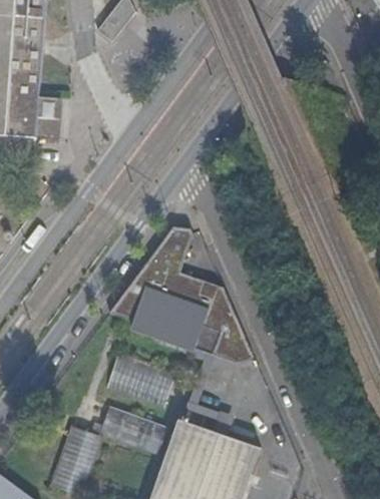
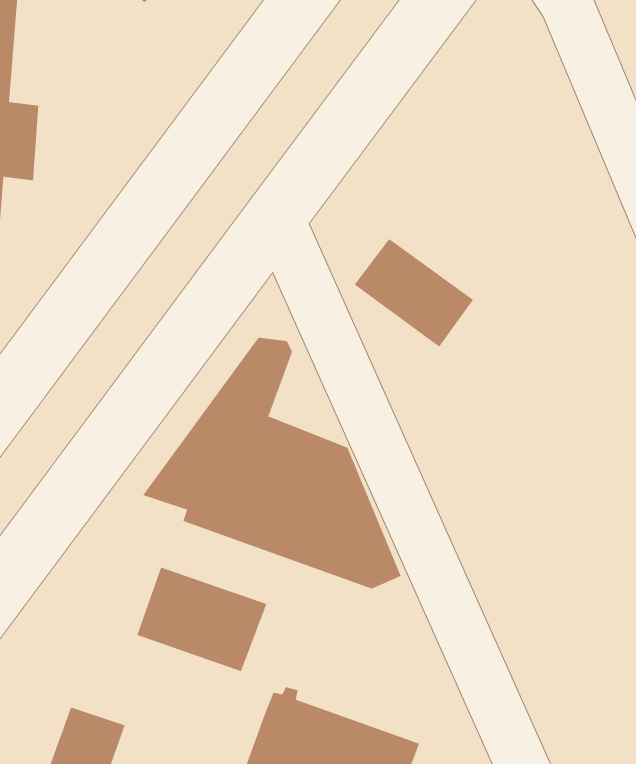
building: none -> [354,238,474,347]
building: [97,407,151,447] -> none

